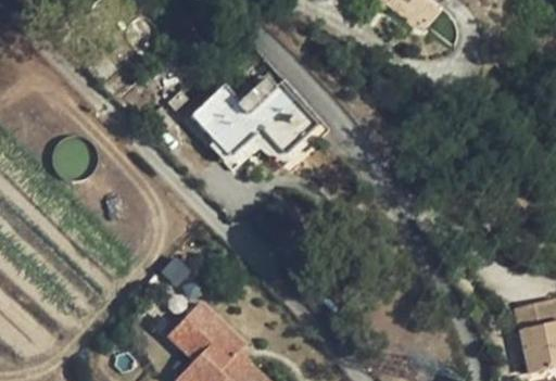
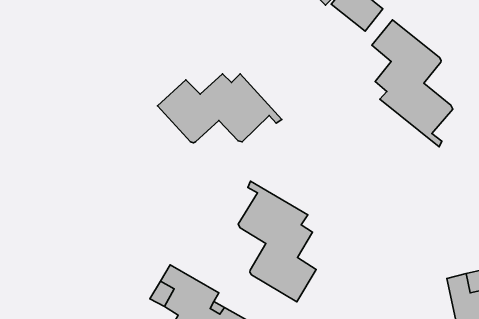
building: none -> [372,20,453,147]
building: none -> [238,181,316,302]

